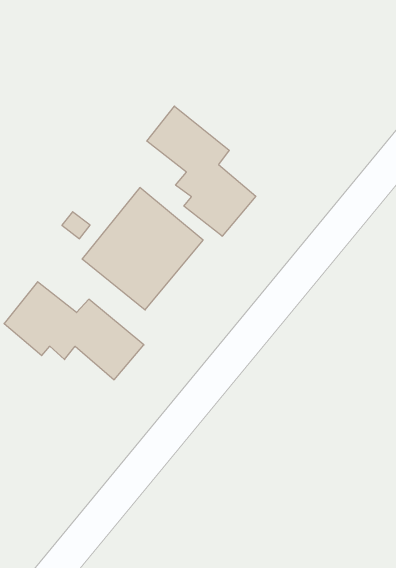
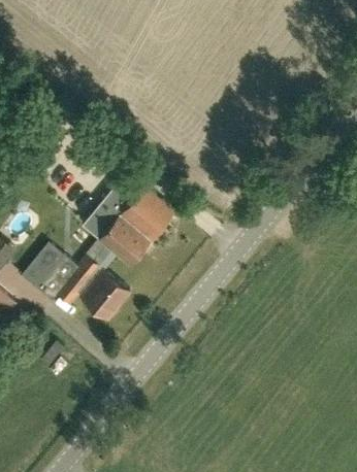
building: [147,106,256,236] -> none

